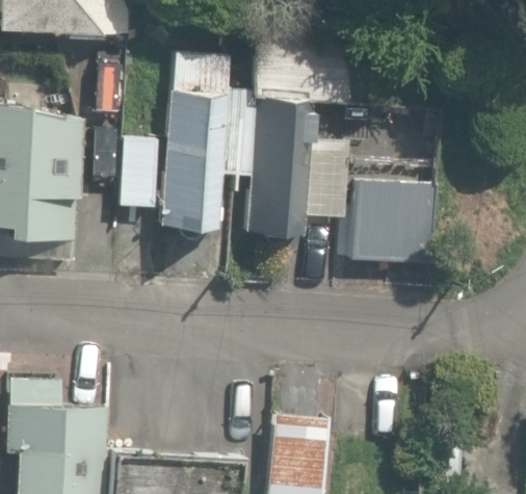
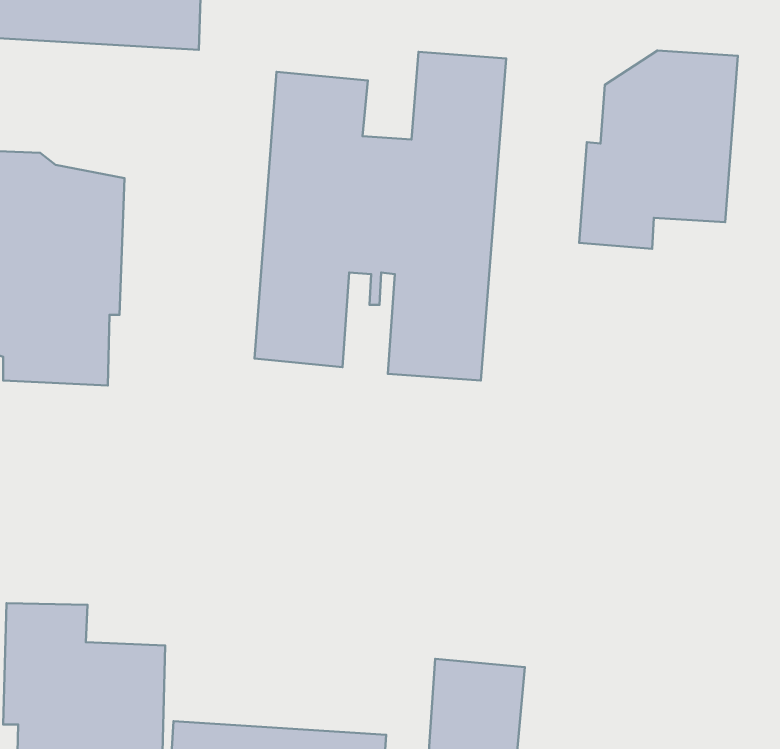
building: none -> [579,51,738,249]
building: [349,180,440,267] -> none

